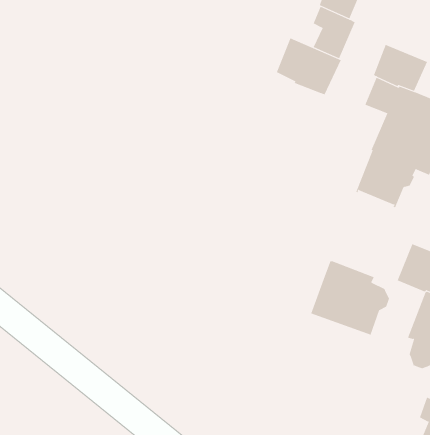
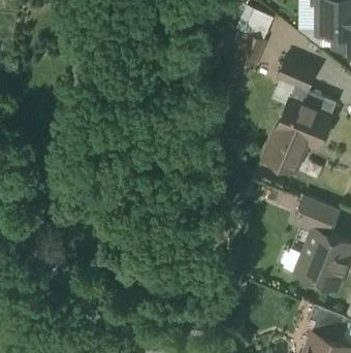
building: [276,37,341,95] -> none
building: [310,261,390,335] -> none

